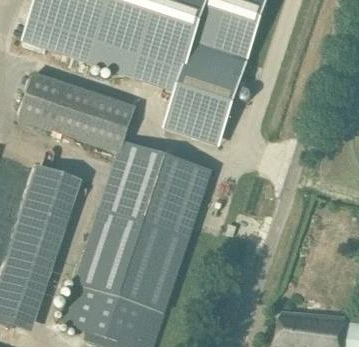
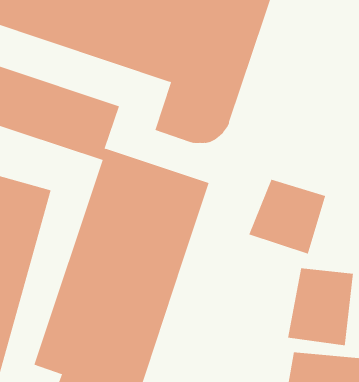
building: none -> [249,179,326,254]
building: none -> [287,268,354,346]

